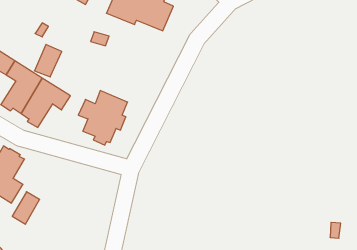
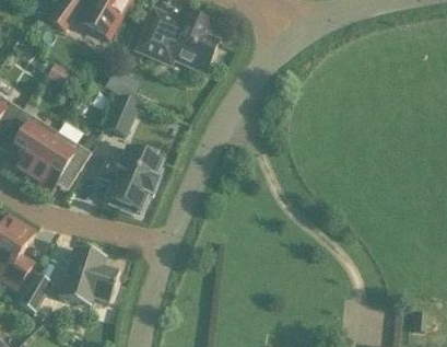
building: [34,44,62,77] -> [104,94,138,135]
building: none -> [58,246,119,306]

